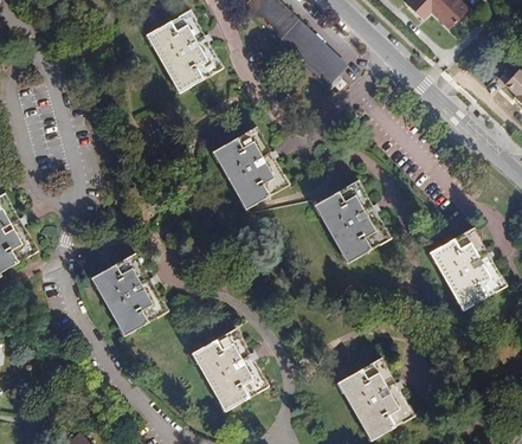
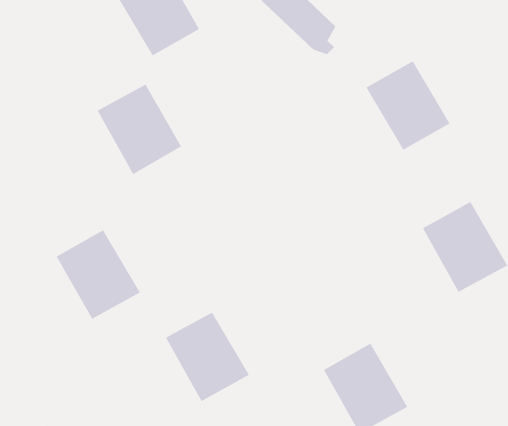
building: [211,127,289,211] -> [97,84,182,175]
building: [312,180,391,263] -> [366,61,450,151]

